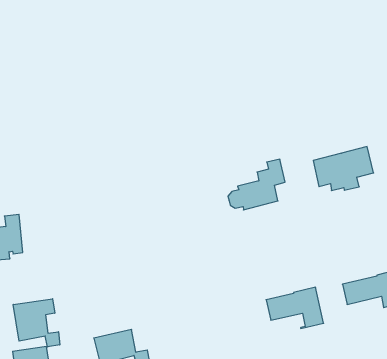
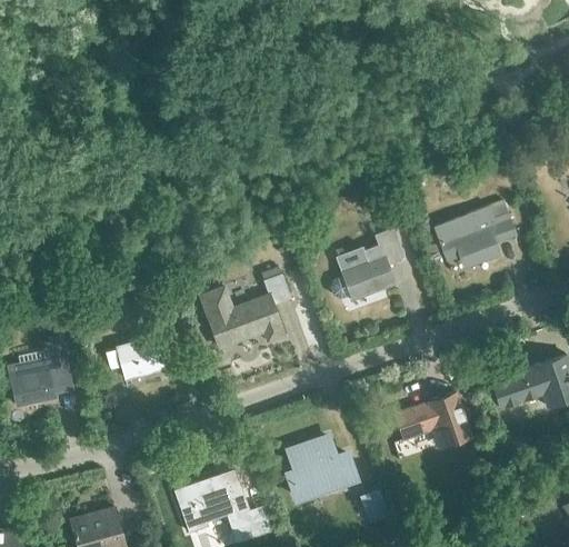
building: none -> [200,269,291,350]
building: none -> [104,339,166,380]
building: [13,299,60,347] -> none
building: none -> [289,438,357,499]

